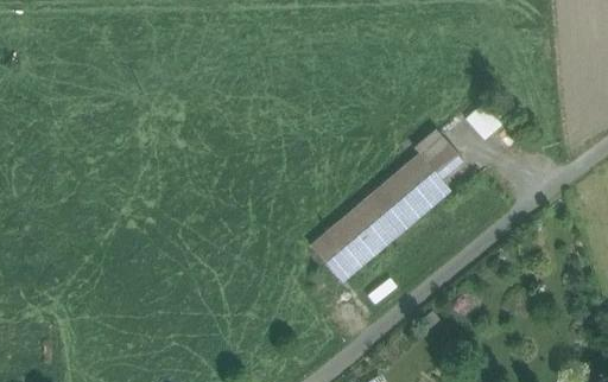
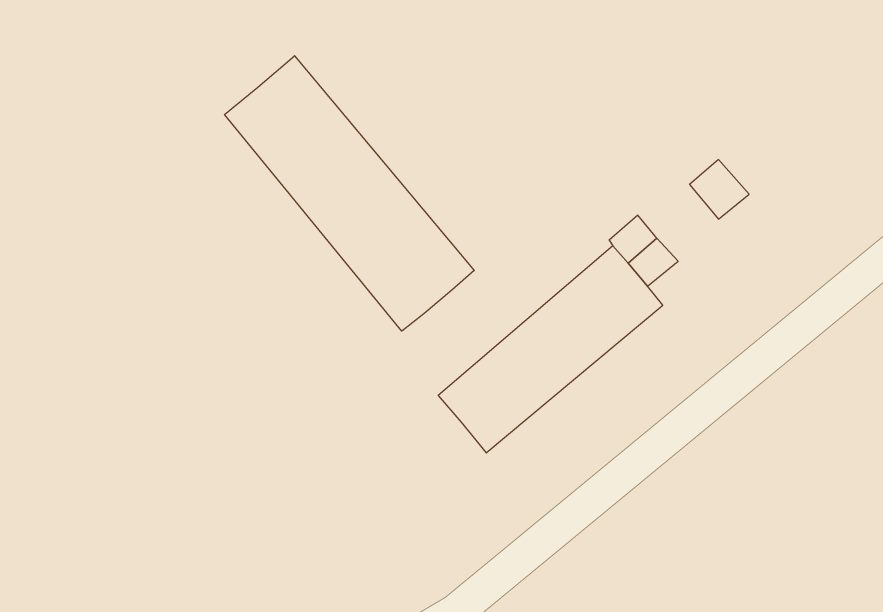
building: none -> [225,56,474,331]

